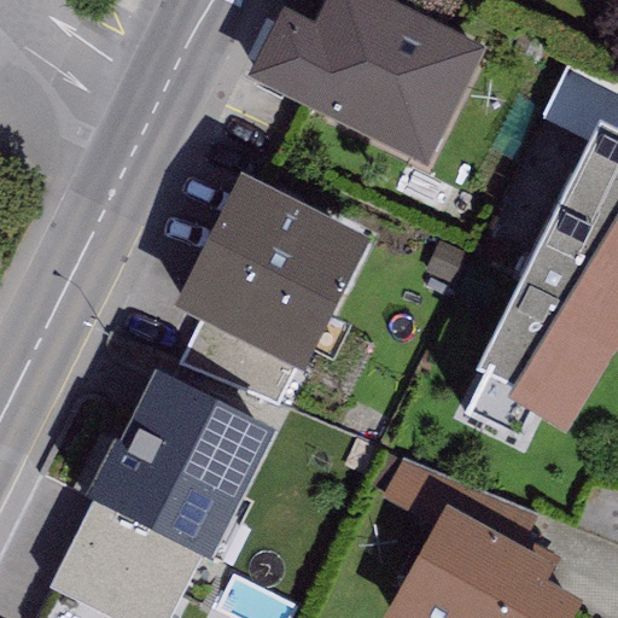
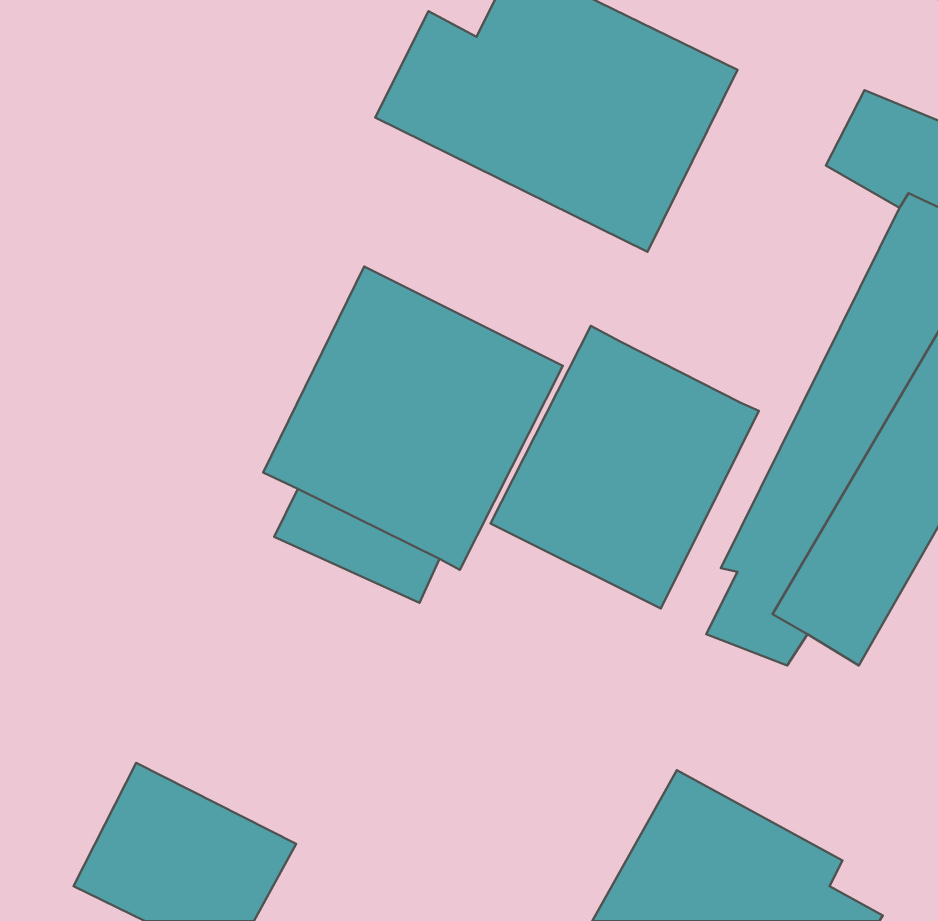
building: none -> [490,326,759,609]
building: [86,369,276,562] -> none

